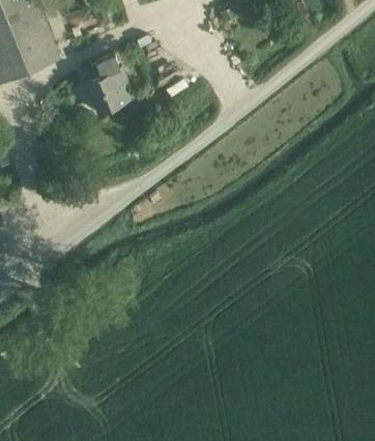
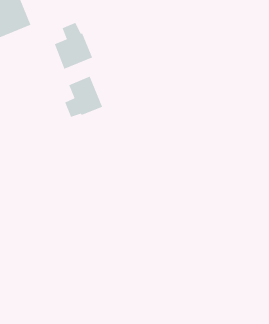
building: none -> [64,75,103,118]

